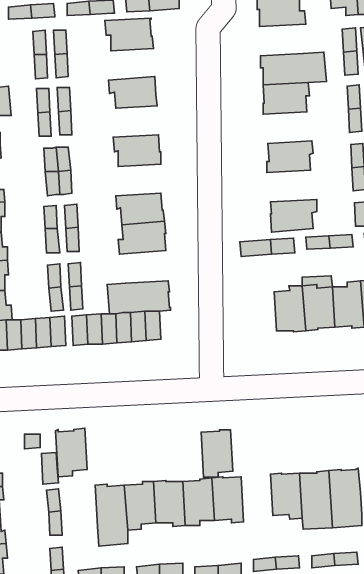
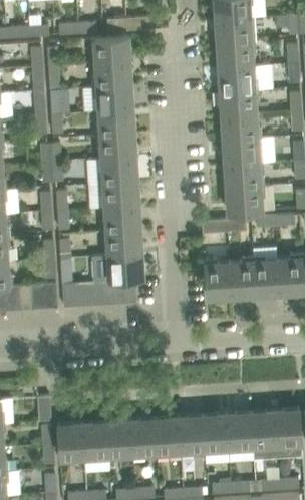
building: none -> [218,42,256,68]
building: none -> [93,62,131,88]
building: none -> [96,109,134,136]
building: none -> [221,114,261,141]
building: none -> [98,158,137,184]
building: none -> [224,163,265,189]
building: none -> [102,229,142,256]
building: none -> [205,260,232,298]
building: [56,428,87,477] -> [58,423,84,463]
building: [201,430,233,477] -> [203,414,229,453]

